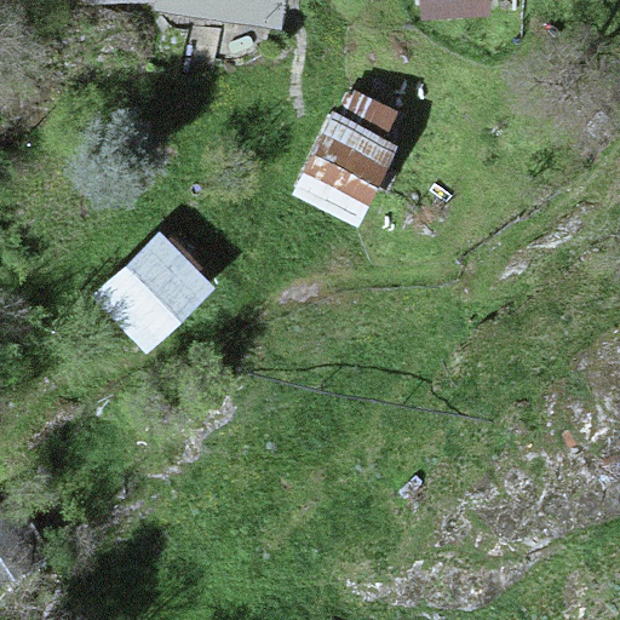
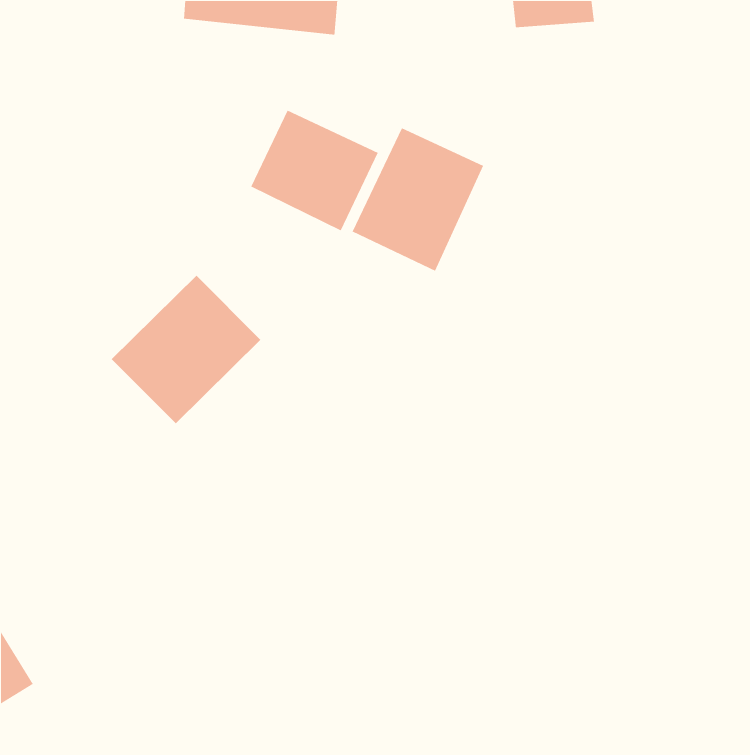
building: none -> [250,110,379,232]

